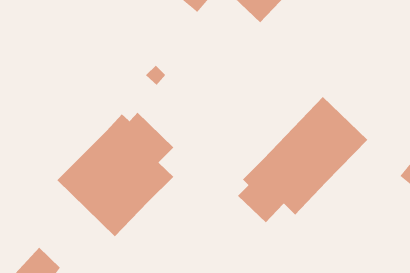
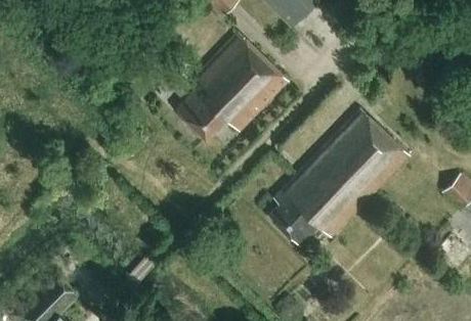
building: none -> [175,34,288,139]
building: [57,112,174,237] -> none

